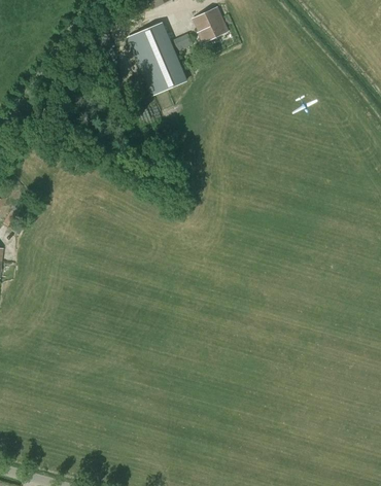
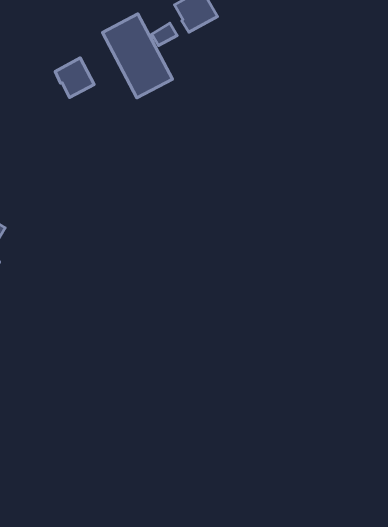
building: none -> [55,58,94,97]

